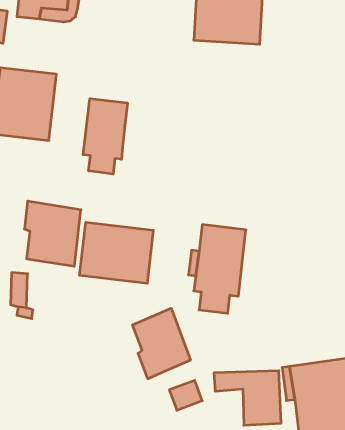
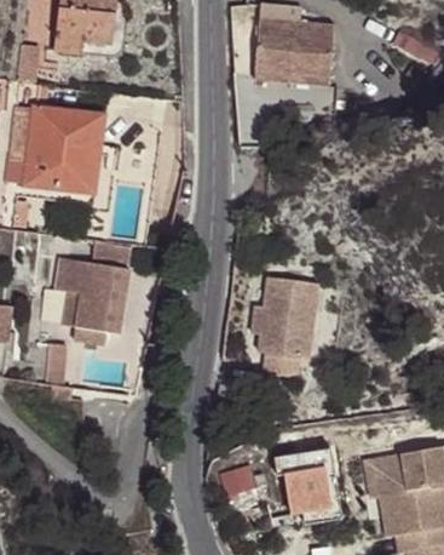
building: [83,99,127,174] -> none
building: [80,222,153,283] -> none
building: [133,308,190,379] -> none

